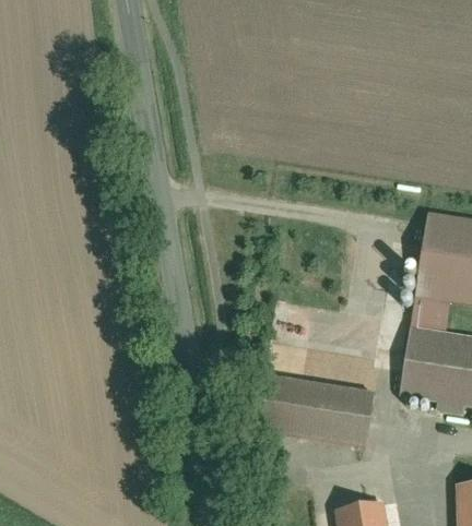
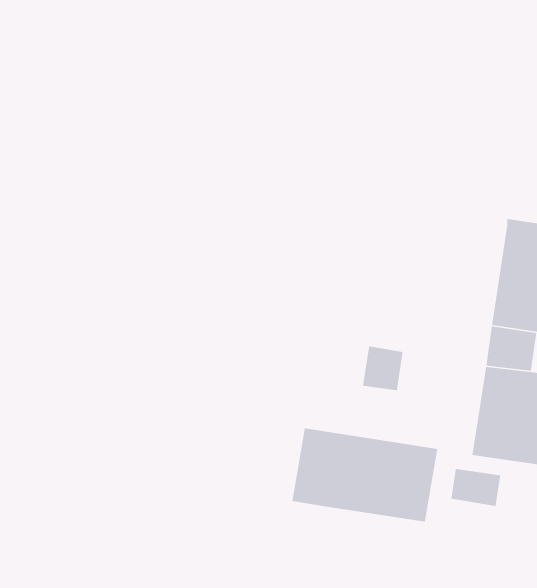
building: none -> [362,345,404,391]
building: none -> [451,468,501,507]

